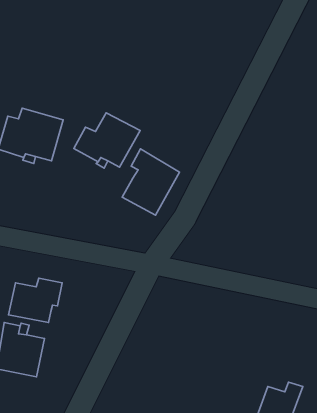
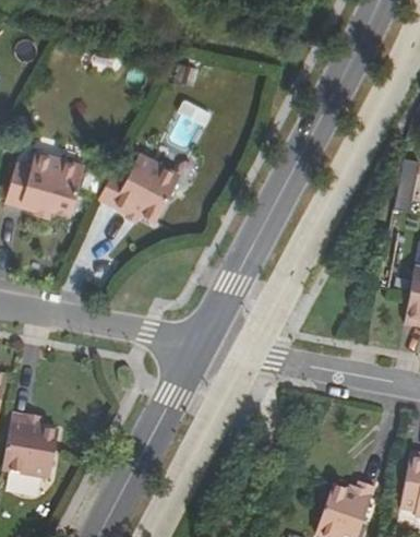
building: [122,149,180,215] -> none
building: [8,278,62,323] -> none

